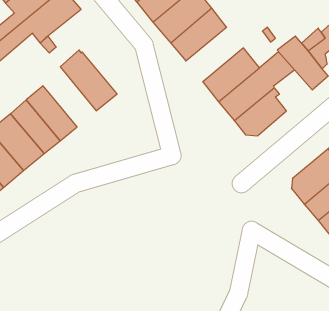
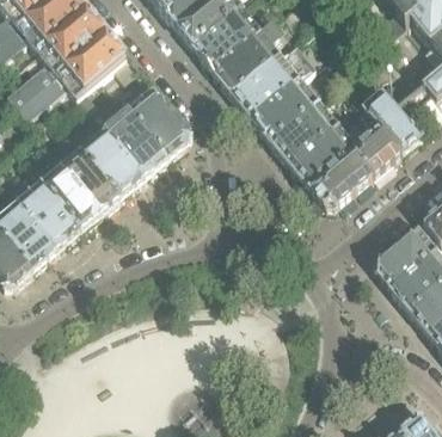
building: none -> [252,76,321,142]
building: none -> [128,87,189,156]
building: none -> [81,124,145,196]
building: none -> [357,128,404,177]

